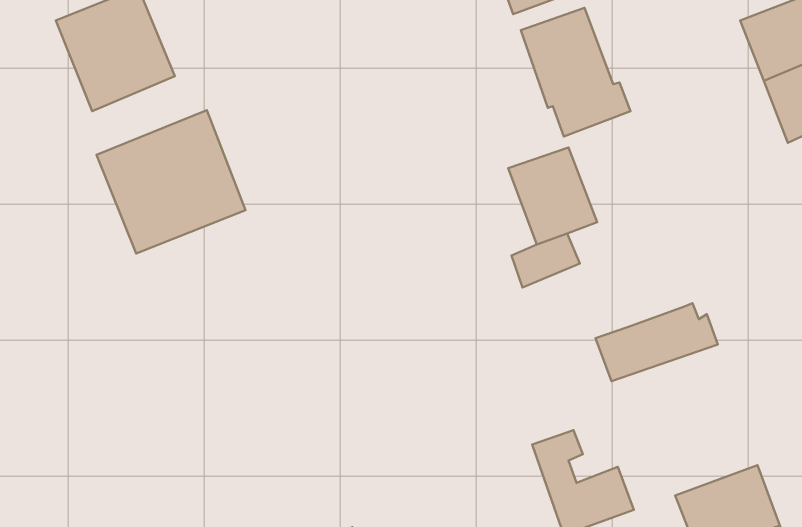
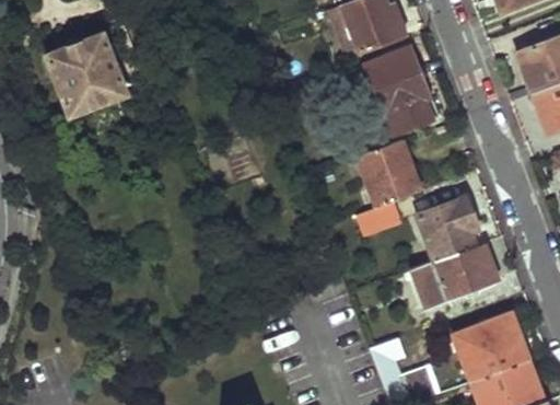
building: [96,110,245,254] -> none
building: none -> [418,194,477,265]
building: none -> [454,314,527,381]

